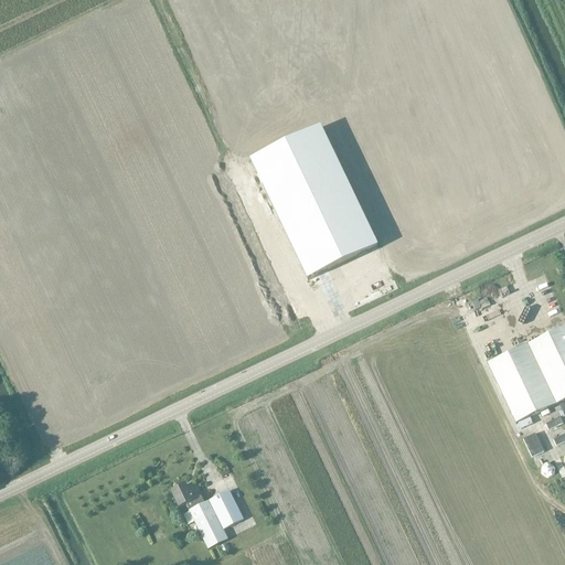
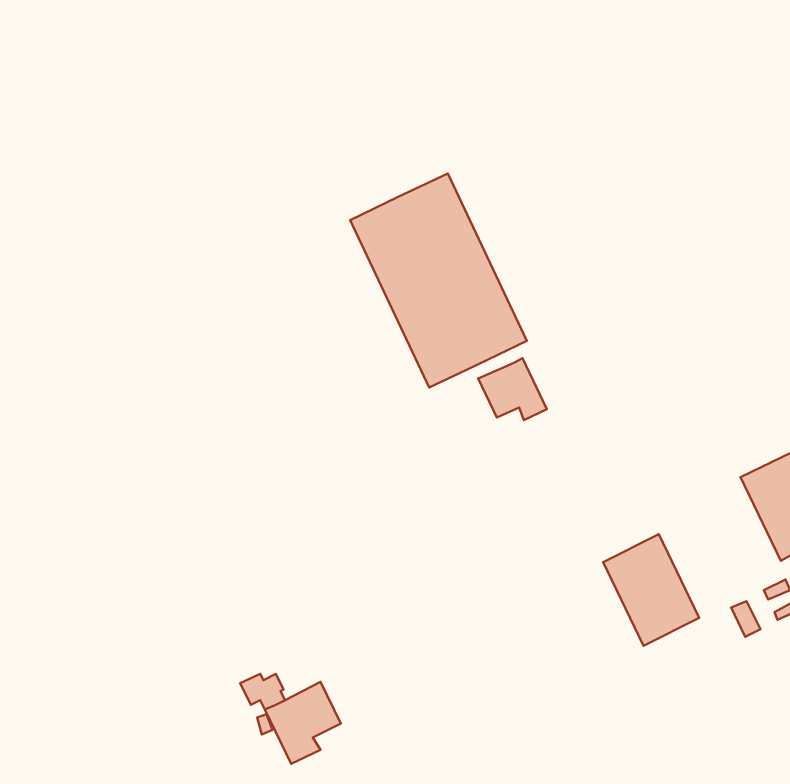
building: none -> [478,358,547,420]
building: [489,340,557,419] -> [603,534,699,646]

